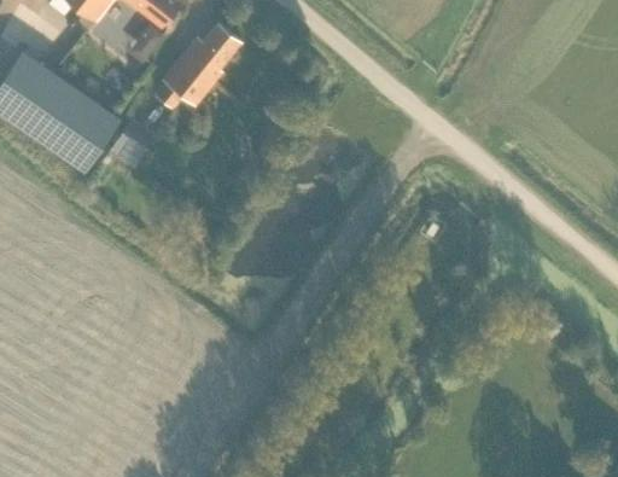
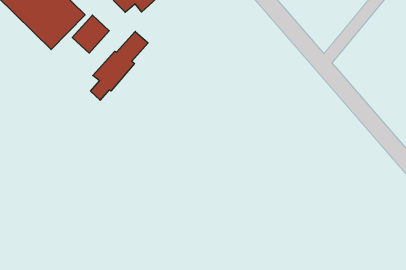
building: none -> [91,31,148,100]

